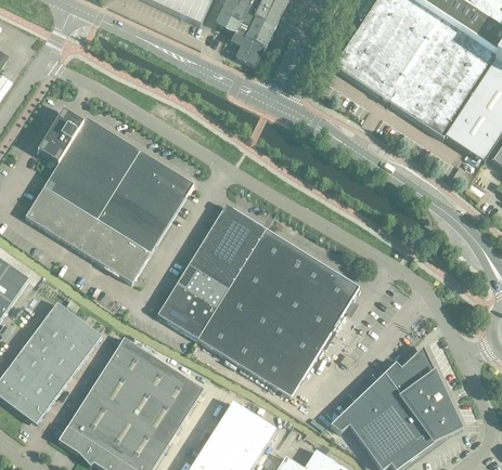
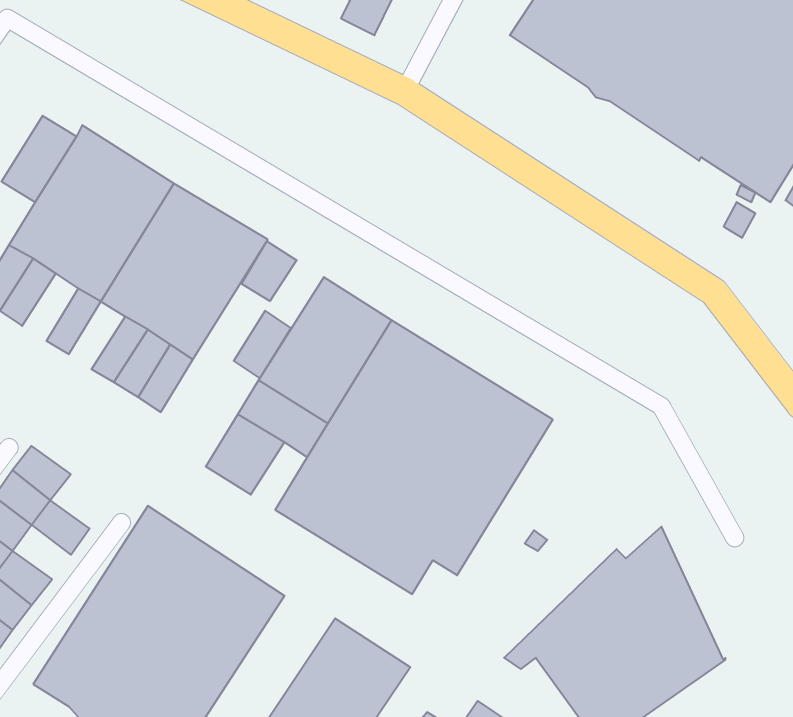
building: none -> [241,241,297,301]
building: [52,203,85,241] -> none
building: [79,219,112,258] -> none
building: none -> [234,311,291,378]
building: [184,300,217,339] -> none
building: [68,318,102,350] -> none
building: [47,348,80,379] -> none

